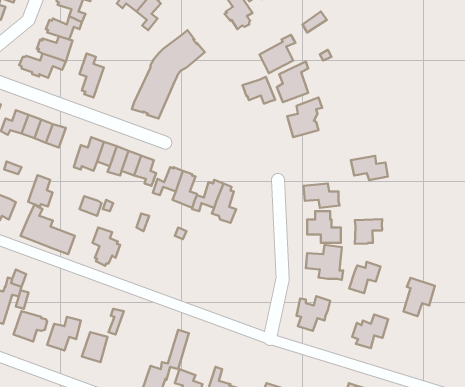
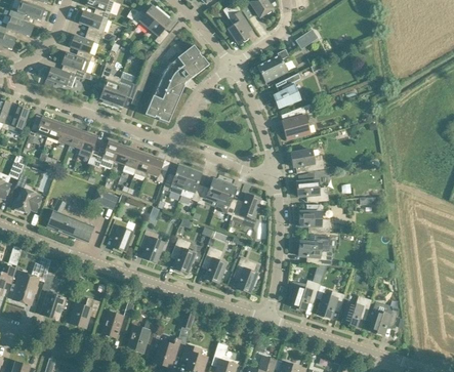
building: none -> [111,77,137,108]
building: [242,77,275,104] -> none
building: [351,156,388,180] -> [290,150,323,171]
building: [28,175,53,207] -> [78,131,99,159]
building: none -> [231,194,266,228]
building: [355,219,382,244] -> none
building: none -> [140,230,163,262]
building: none -> [172,238,194,273]
building: none -> [203,247,225,283]
building: [349,262,381,293] -> [317,291,344,319]
building: none -> [235,258,256,293]
building: [404,278,435,316] -> [370,301,398,335]
building: none -> [127,323,158,352]

